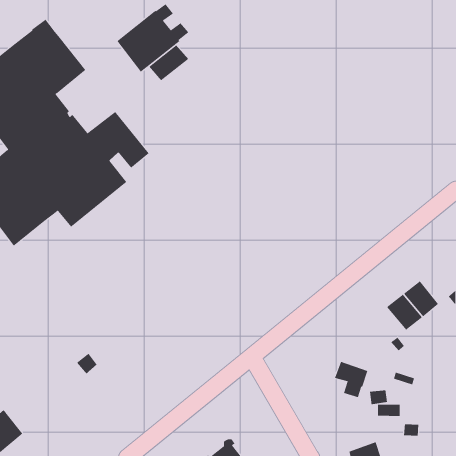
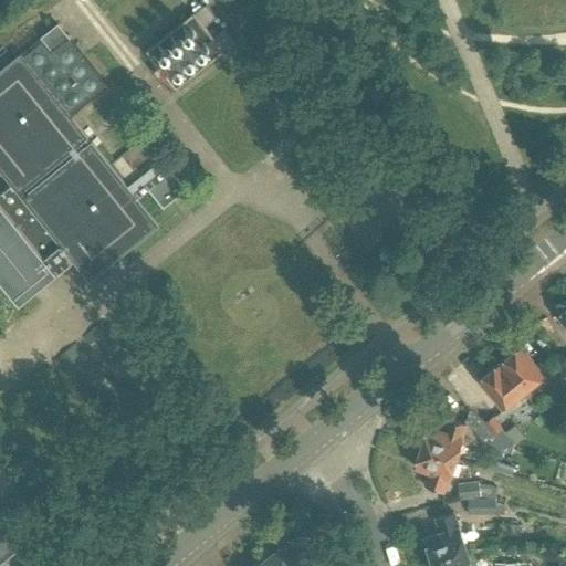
building: [148,44,189,81] -> none
building: none -> [420,419,465,460]
building: none -> [422,513,464,559]

